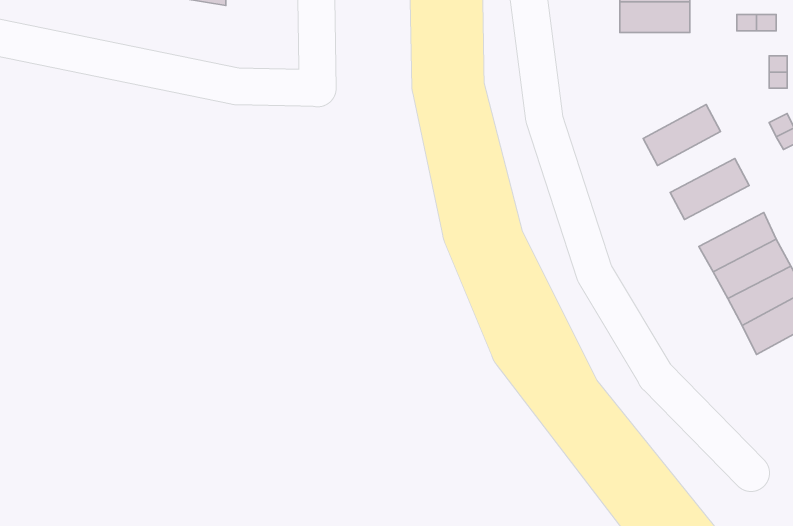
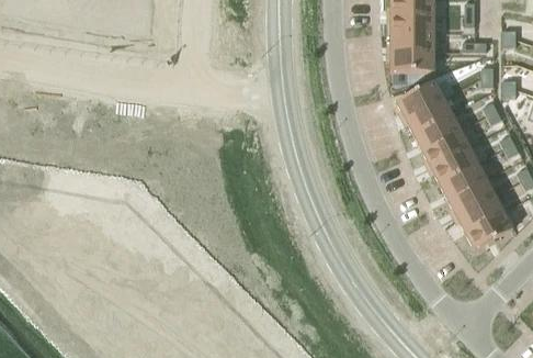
building: none -> [390,51,433,69]
building: none -> [395,77,443,115]
building: none -> [413,111,461,148]
building: none -> [430,144,478,181]

